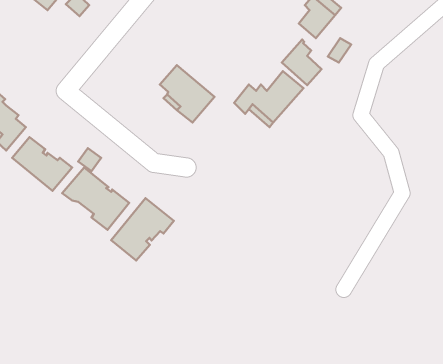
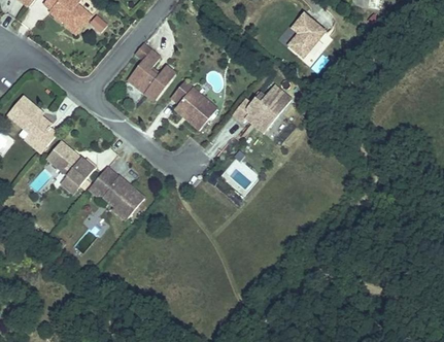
building: none -> [125,47,173,99]
building: [282,39,322,85] -> none
building: [111,198,174,261] -> none

